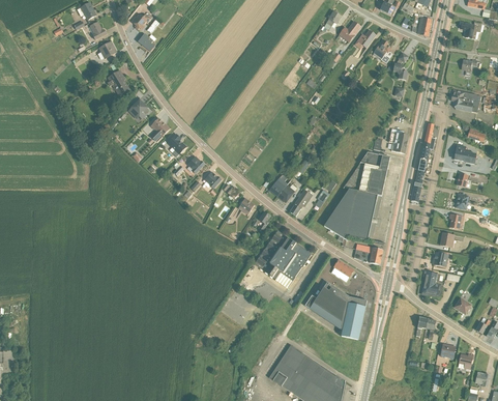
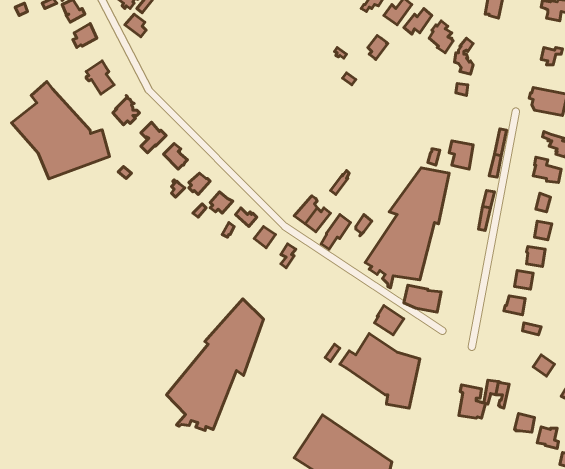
building: none -> [12,82,110,179]
building: [254,230,312,288] -> none
building: none -> [167,299,264,431]
building: [422,270,443,296] -> [459,385,485,418]

